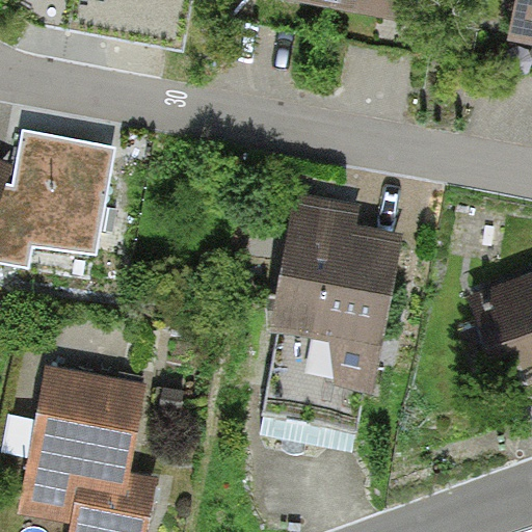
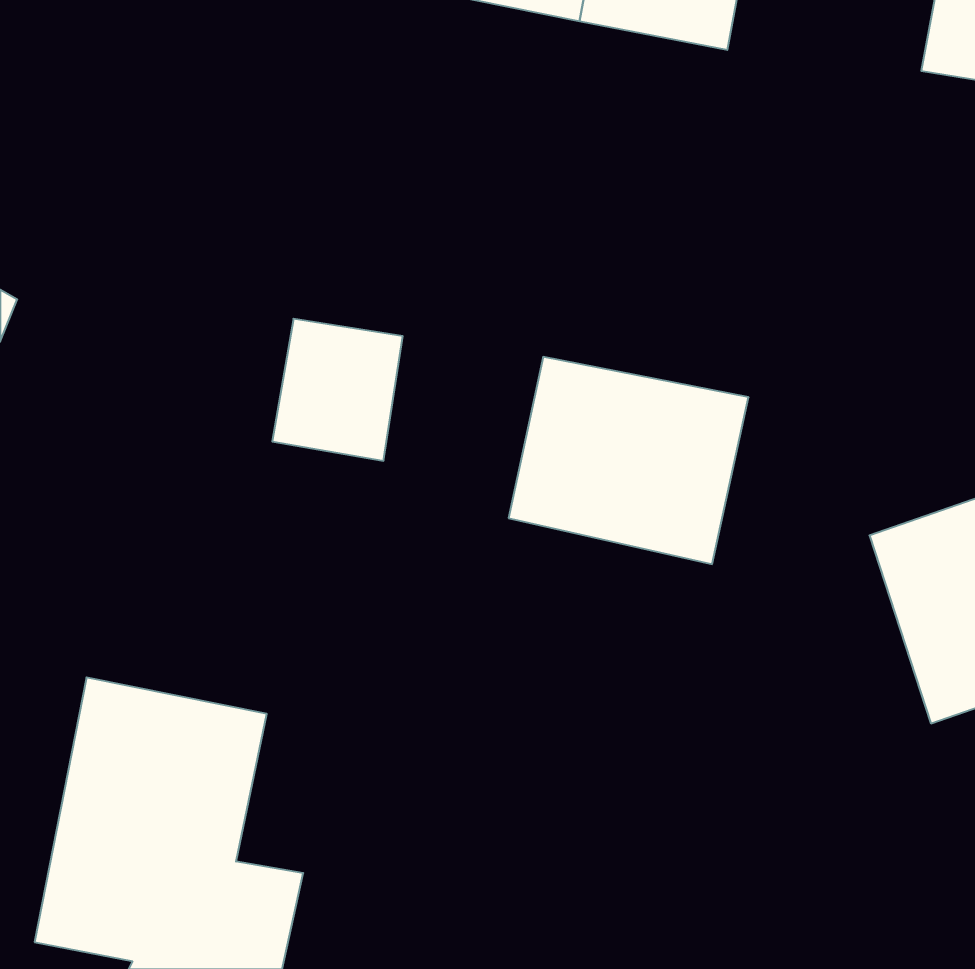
building: [29,162,100,239] -> [272,319,403,461]
building: [246,281,389,437] -> none

